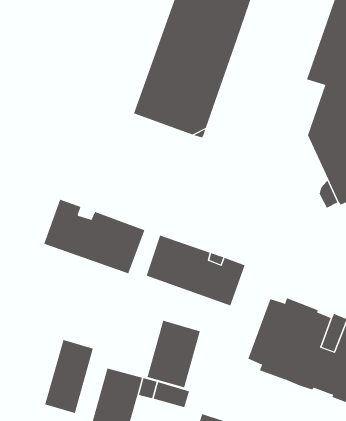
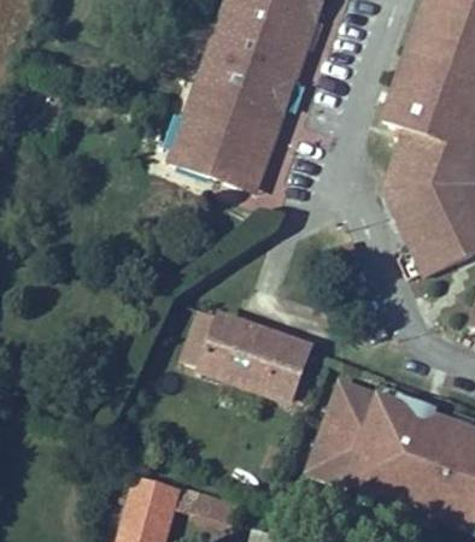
building: [44,199,145,274] -> none
building: [147,320,201,388] -> none
building: [45,339,94,414] -> none

